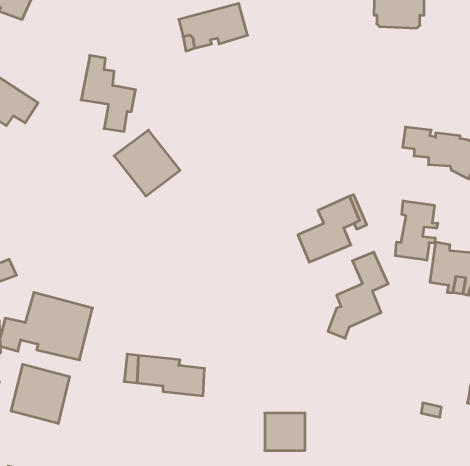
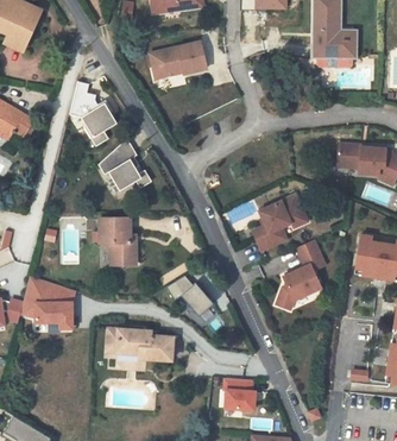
building: [395,201,438,260] -> none
building: none -> [97,220,132,266]
building: none -> [168,271,210,314]
building: [11,364,70,424] -> none

